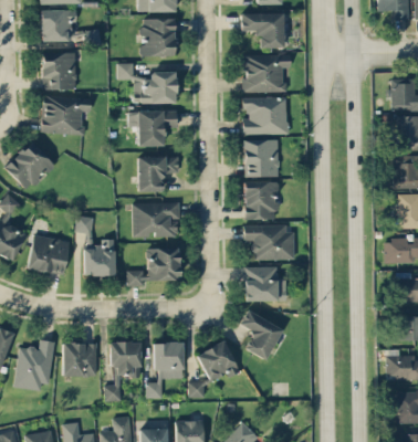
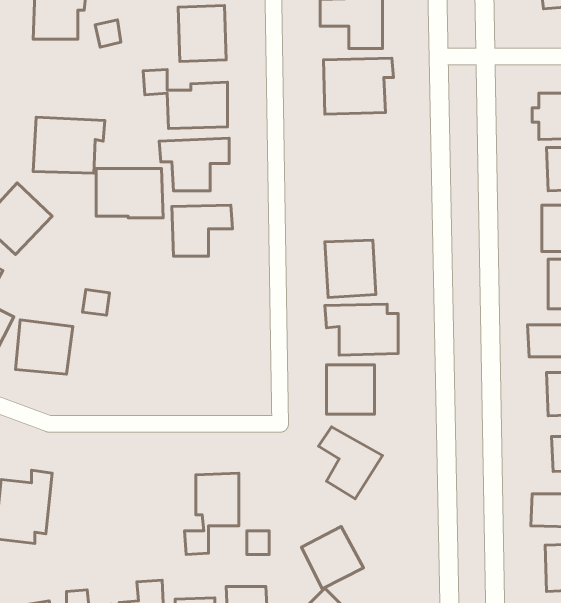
building: [41,52,76,90] -> none
building: [242,96,288,134] -> none
building: [243,139,279,177] -> none
building: [133,202,179,236] -> [96,168,163,218]
building: [83,239,115,275] -> none
building: [127,248,180,286] -> none
building: [196,340,239,383] -> [301,526,364,589]
building: [105,341,142,401] -> none
building: [62,343,97,376] -> none

